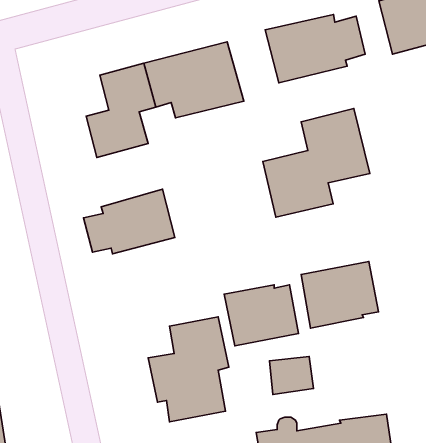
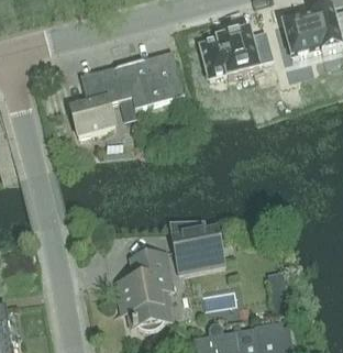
building: [263,109,370,217] -> none
building: [83,189,175,254] -> none
building: [301,262,378,328] -> none

